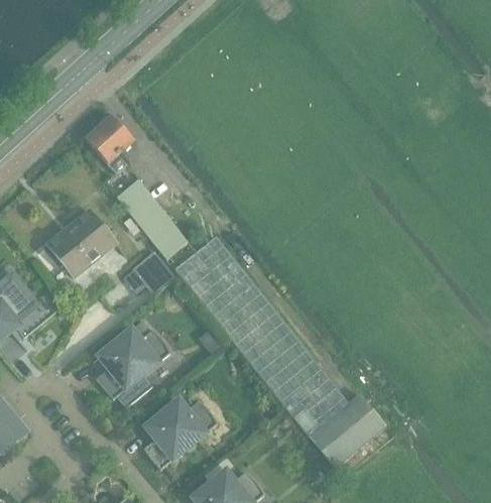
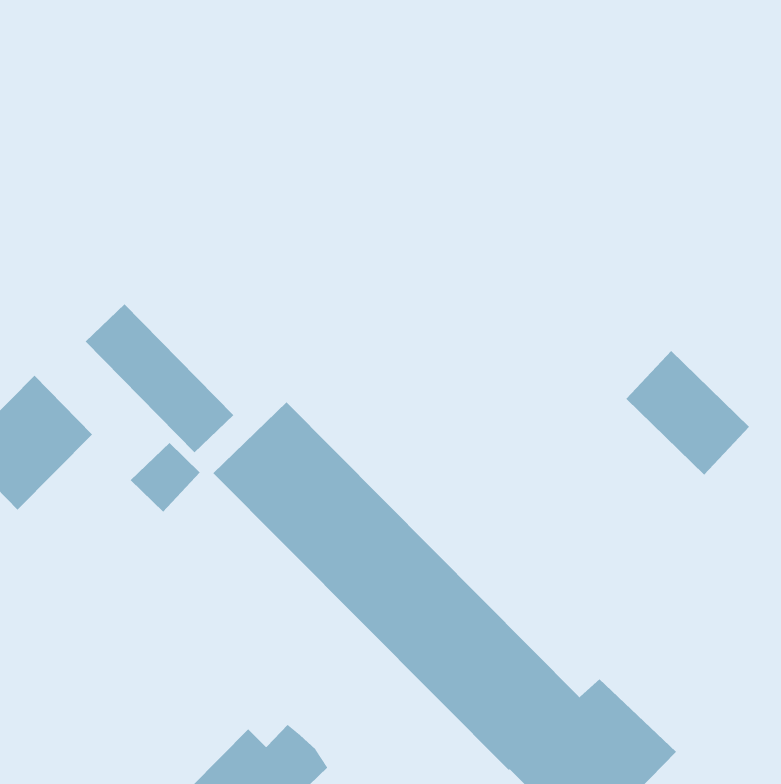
building: [85,115,133,172] -> none
building: none -> [625,350,750,476]
building: [96,319,168,406] -> none

